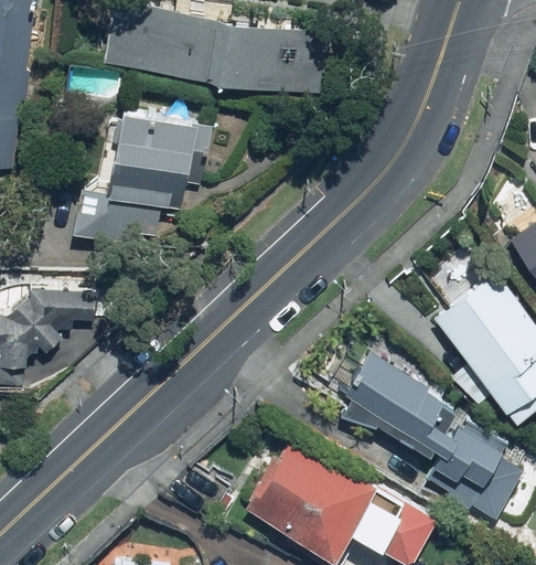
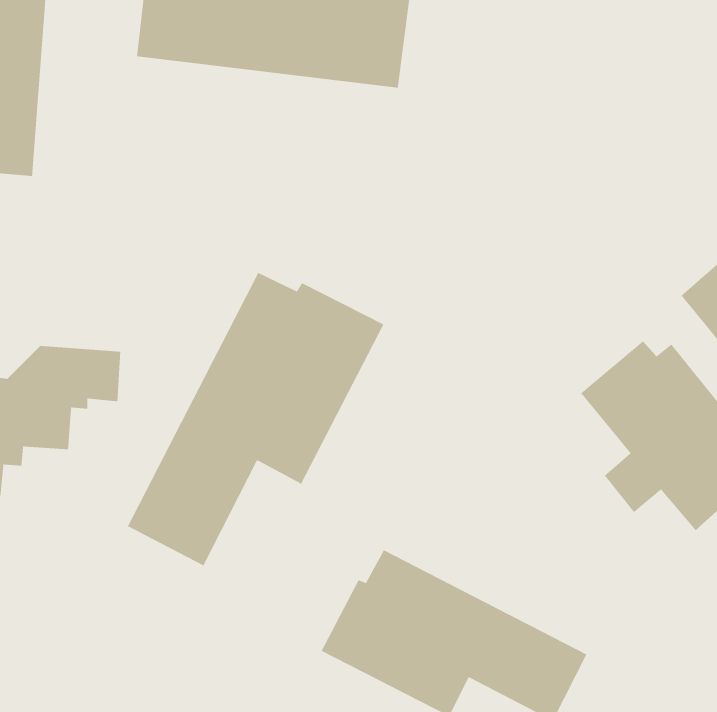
building: [73,108,213,248] -> none
building: none -> [127,272,385,566]
building: [340,358,519,520] -> none

